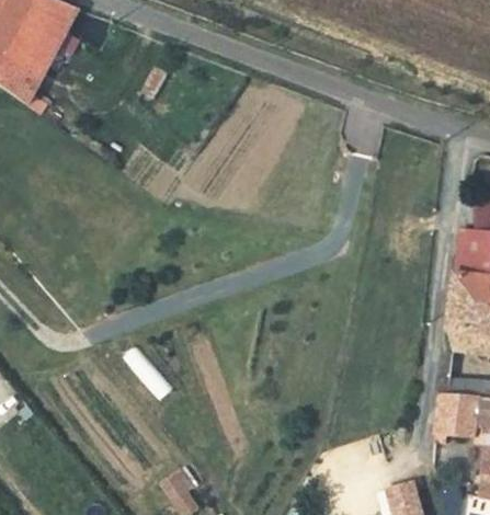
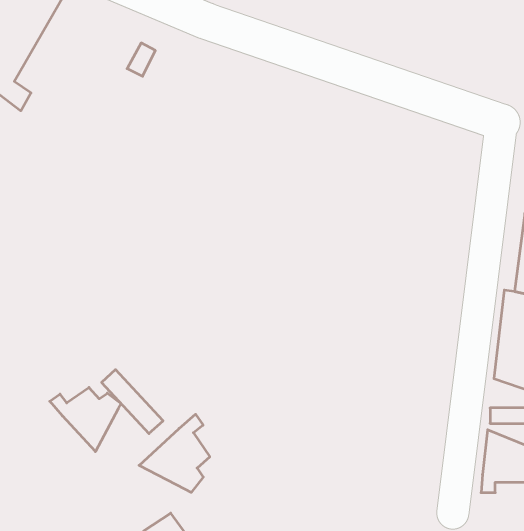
building: none -> [50,387,121,452]
building: none -> [139,414,210,492]

